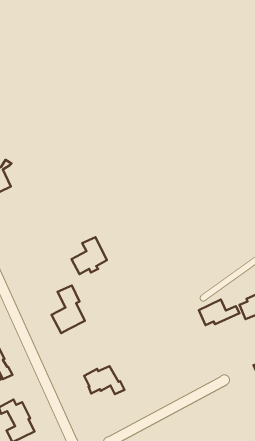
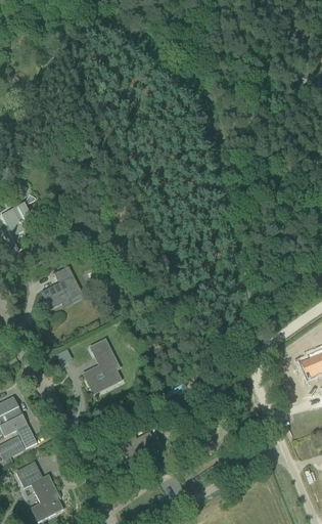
building: [72,237,107,274] -> [41,265,82,308]
building: [199,300,240,325] -> none

